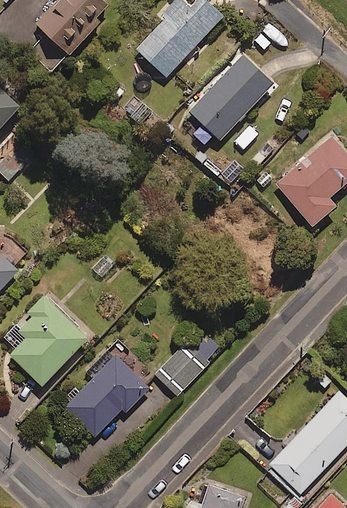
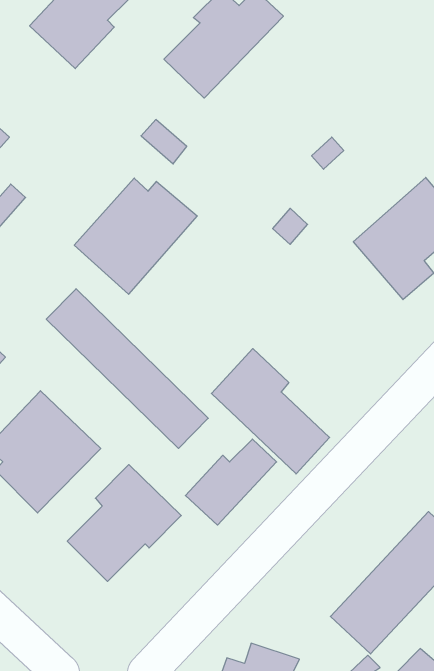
building: [189,50,274,141] -> none
building: none -> [74,178,197,294]
building: none -> [46,289,208,448]
building: none -> [211,349,330,474]

